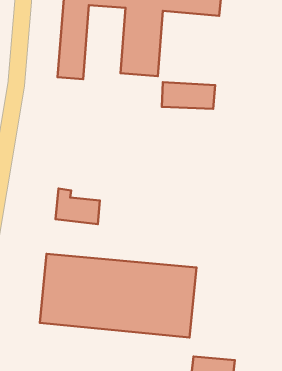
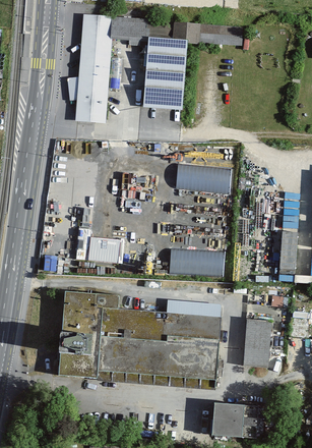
building: [162,82,215,109] -> [177,164,232,191]
building: none -> [170,248,224,274]
building: none -> [242,319,271,366]

